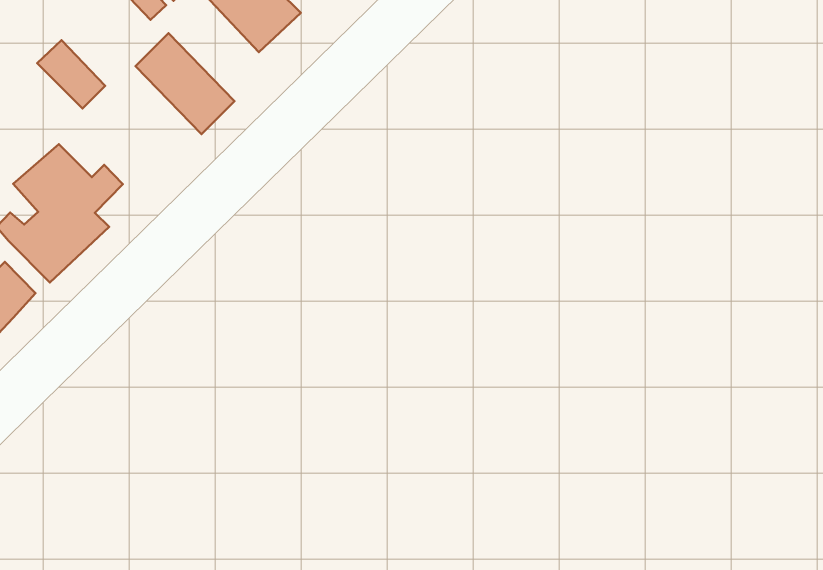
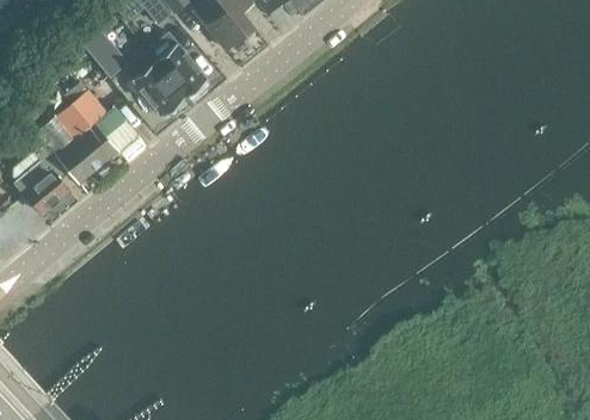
building: none -> [123,52,184,117]

